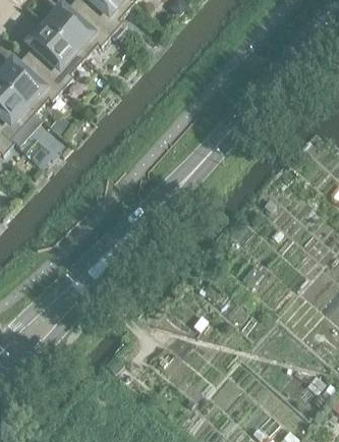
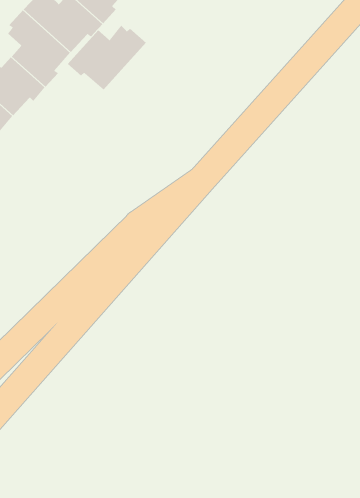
building: none -> [67,25,147,90]

